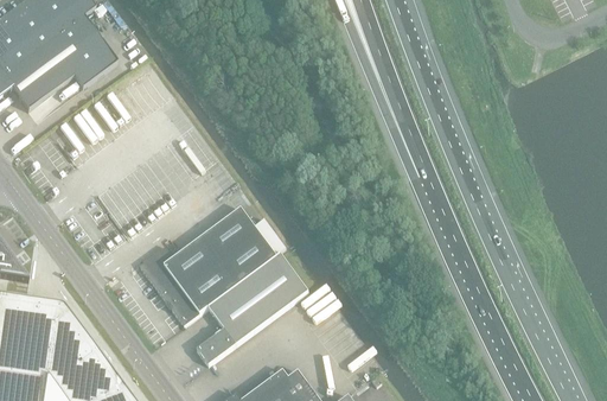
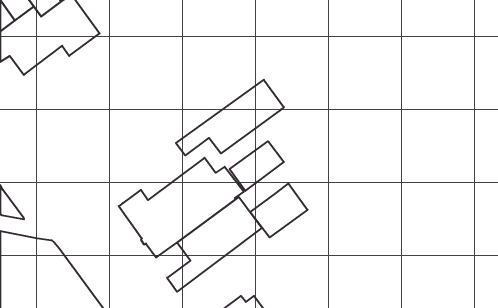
building: none -> [176,80,284,155]
building: none -> [230,141,284,191]
building: none -> [250,183,308,237]

